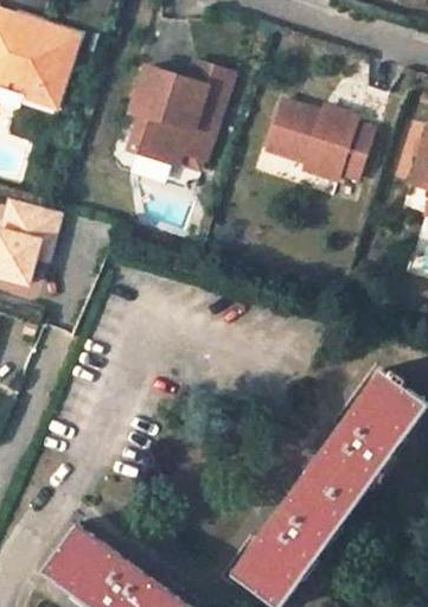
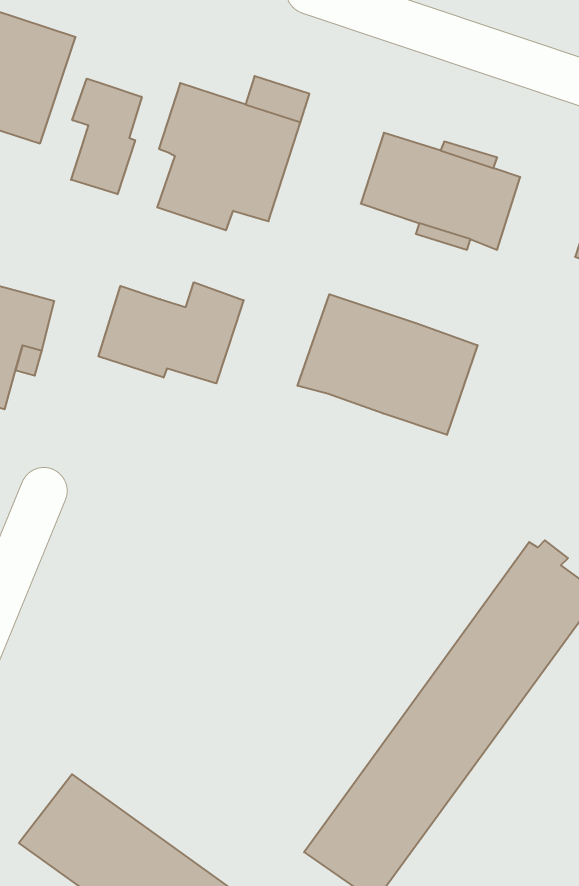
building: none -> [71,79,142,194]
building: none -> [98,282,244,383]
building: none -> [298,294,478,435]

